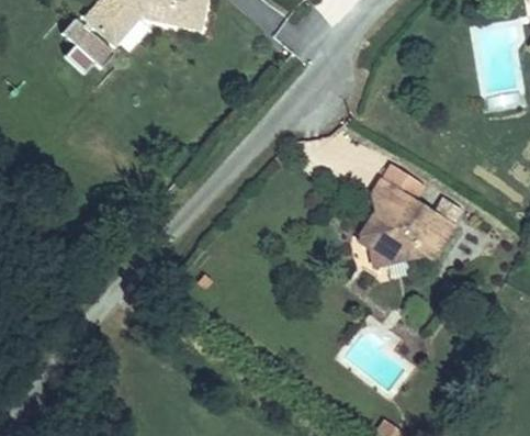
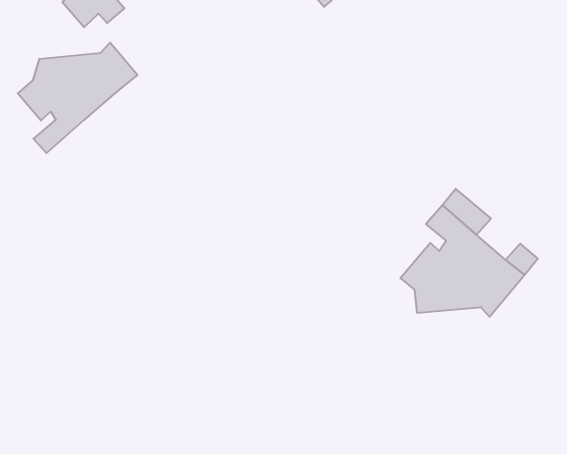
building: none -> [18,43,137,153]

